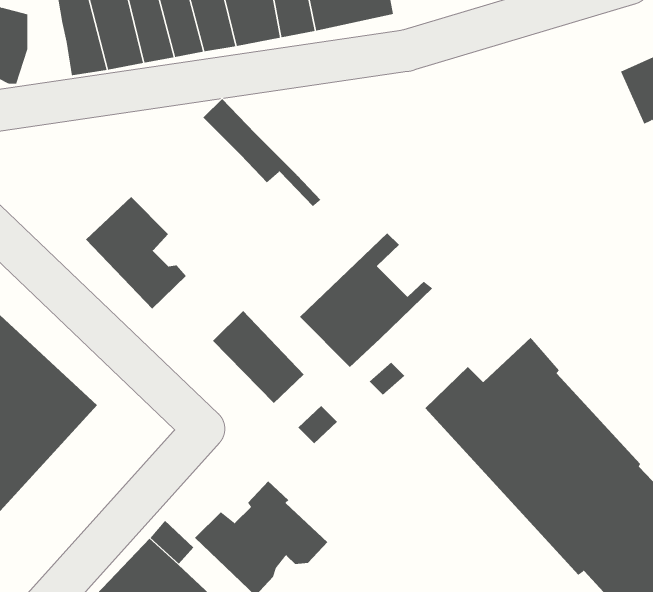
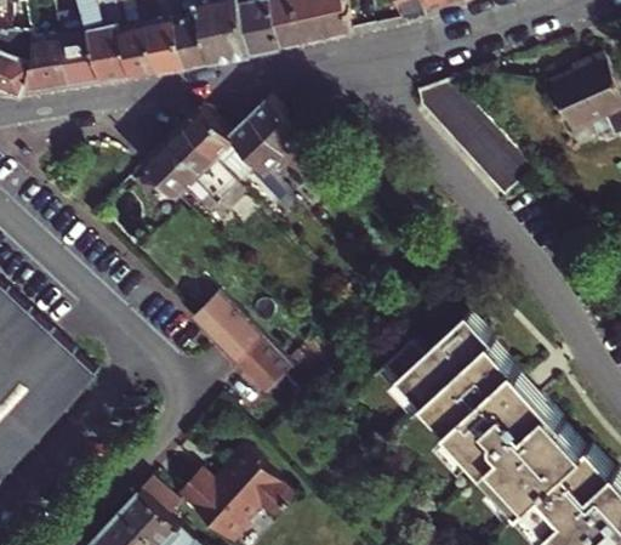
building: none -> [25,41,73,95]
building: none -> [425,81,537,199]
building: none -> [233,98,334,184]
building: [85,196,187,309] -> [147,124,235,222]
building: [299,233,433,368] -> none

